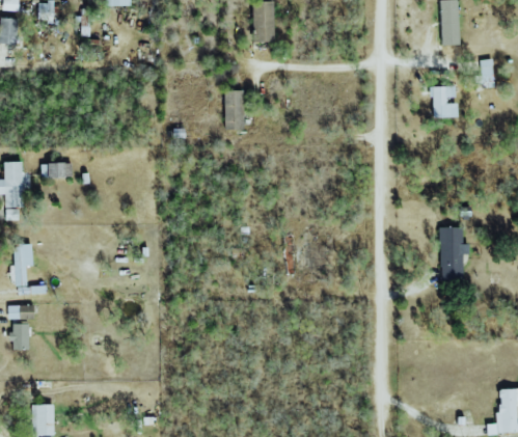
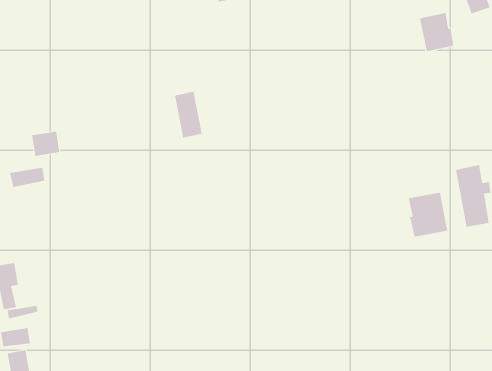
building: [224,90,244,131] -> [174,91,202,138]
building: none -> [32,131,60,157]
building: none -> [408,192,448,237]

